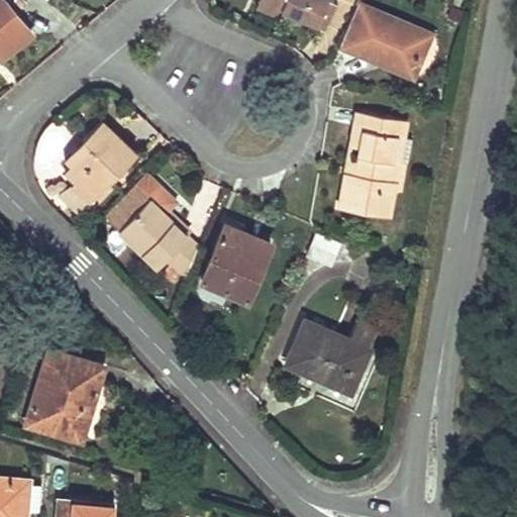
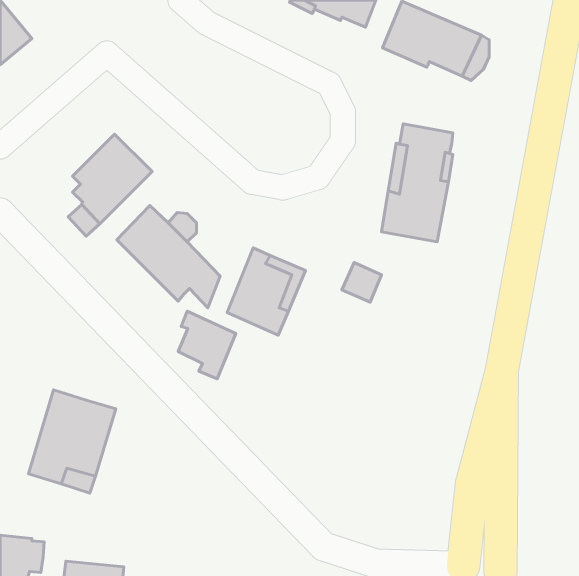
building: none -> [178,311,236,379]
building: [288,322,378,395] -> none

